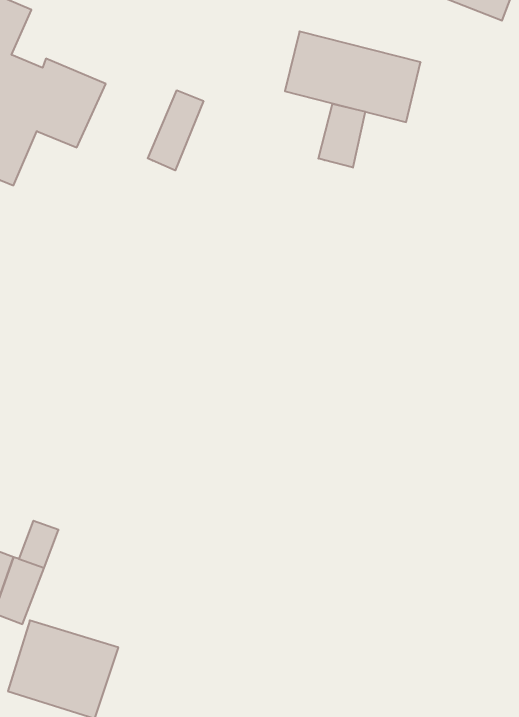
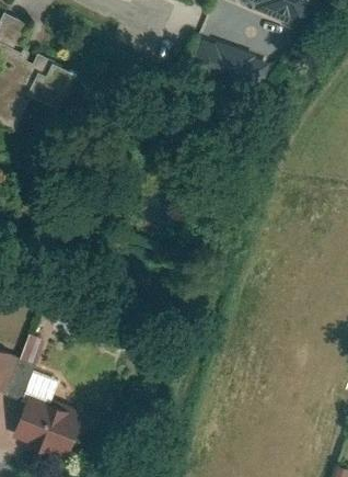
building: [148,90,203,170] -> none
building: [318,104,365,168] -> none

